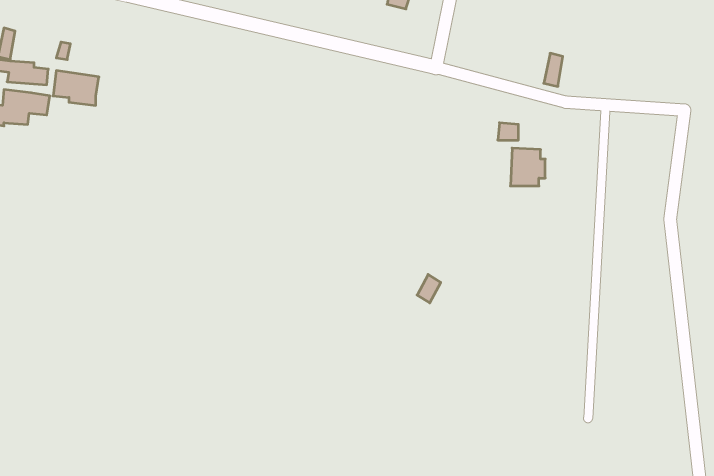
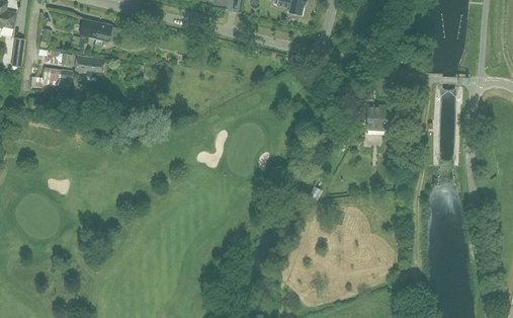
building: none -> [78,18,116,45]

